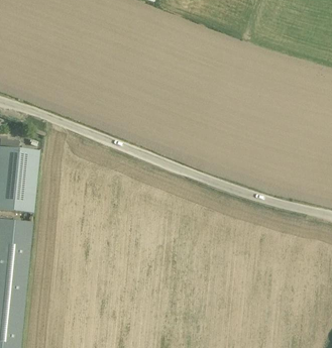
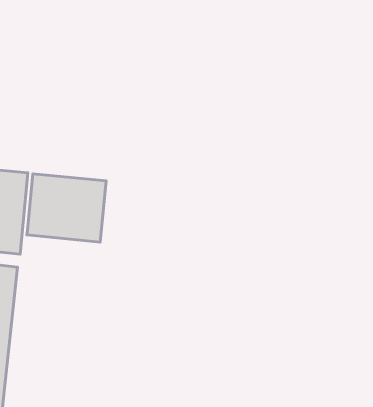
building: none -> [27,174,106,242]

